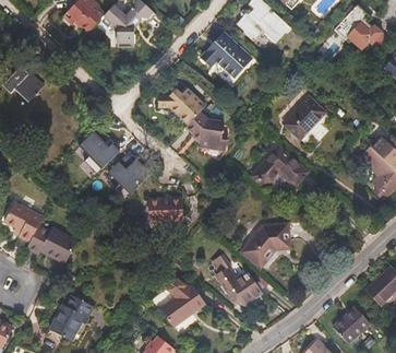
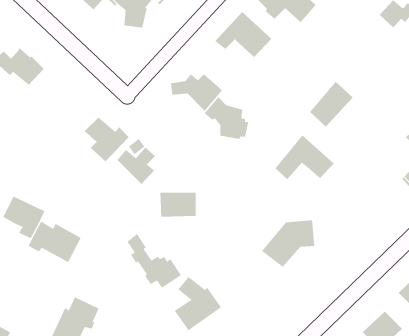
building: [212,254,262,304] -> [127,233,182,288]

